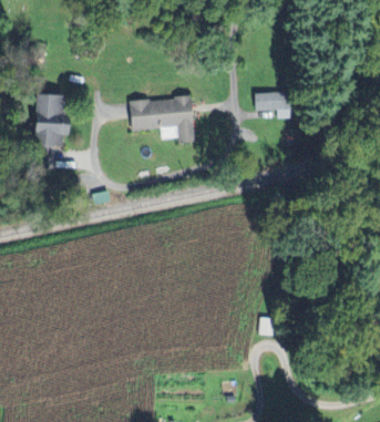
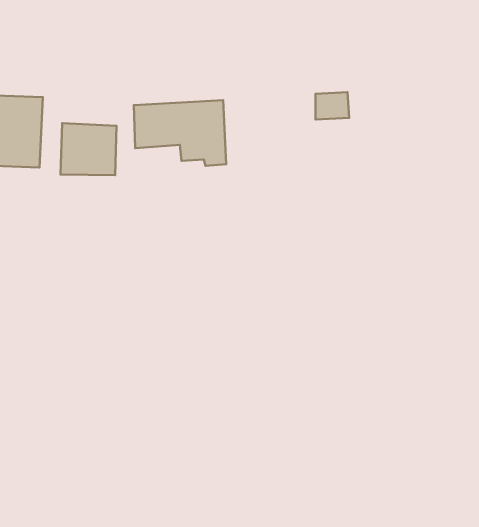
building: none -> [61,123,117,175]

